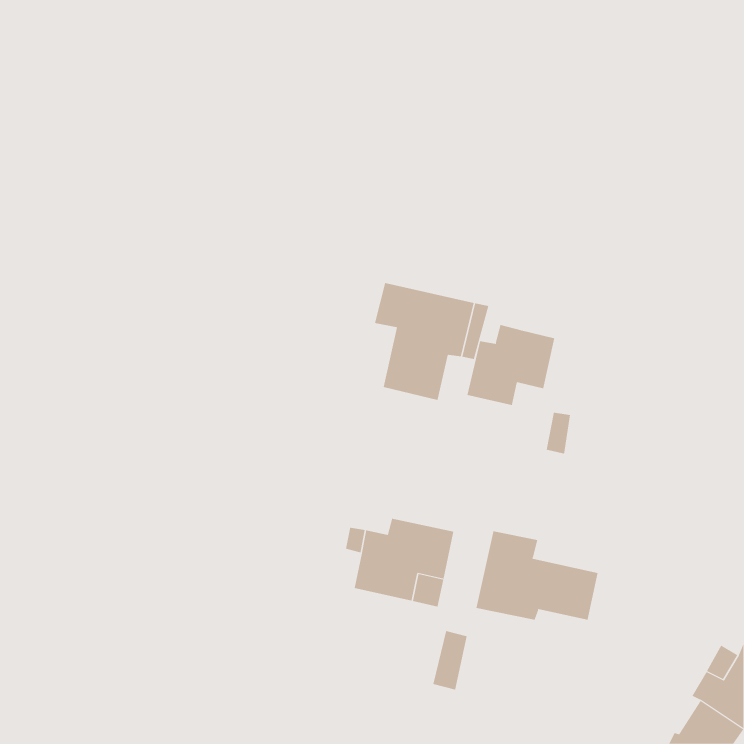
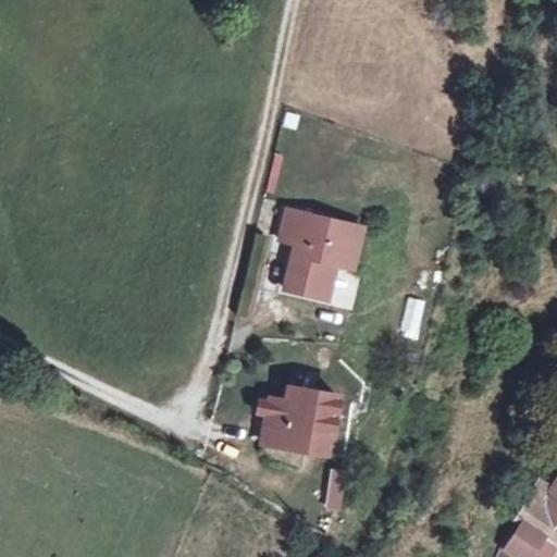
building: [467,324,555,406] -> none
building: [476,531,598,620] -> none

